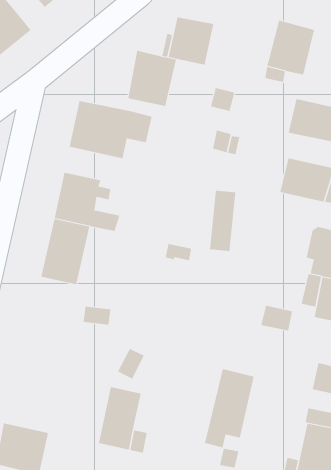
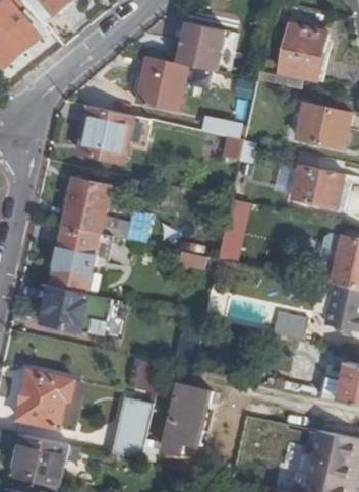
building: none -> [41,286,88,328]
building: none -> [14,371,71,429]
building: [204,368,255,448] -> [160,373,211,453]

